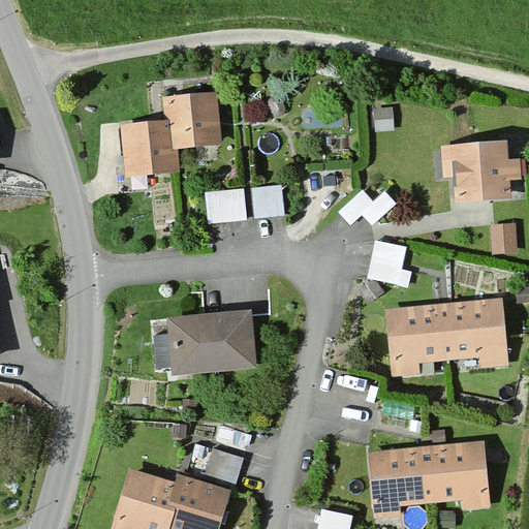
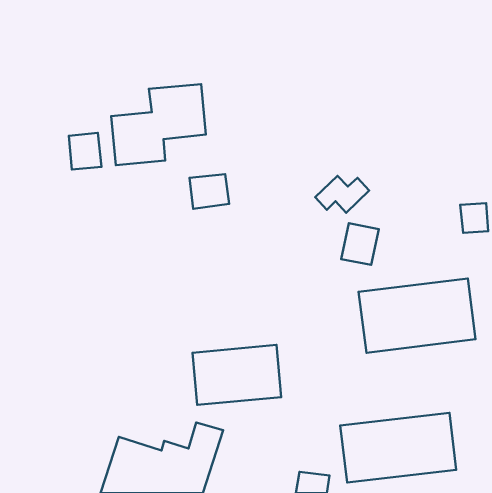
building: [437,139,521,205] -> none
building: none -> [69,133,102,170]
building: [252,183,285,217] -> none
building: [163,310,258,374] -> [192,345,281,405]

